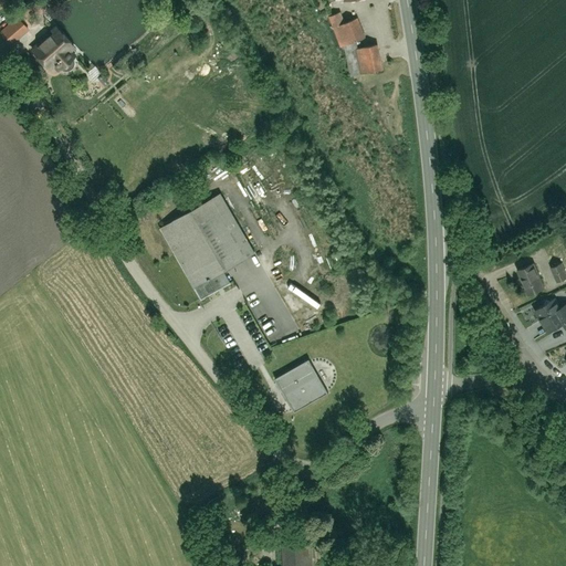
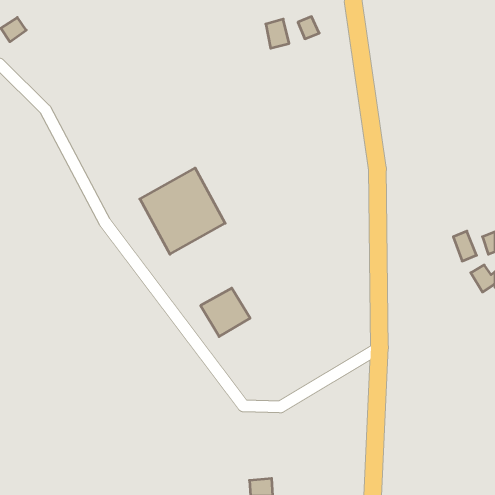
building: [32,31,71,70] -> none
building: [358,44,385,77] -> [266,19,289,48]
building: [274,359,331,415] -> [201,288,250,337]

